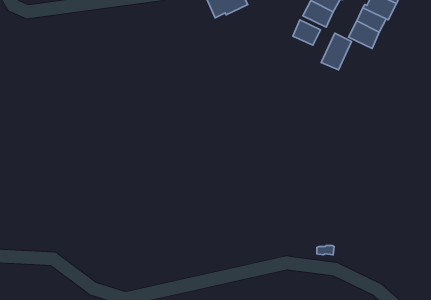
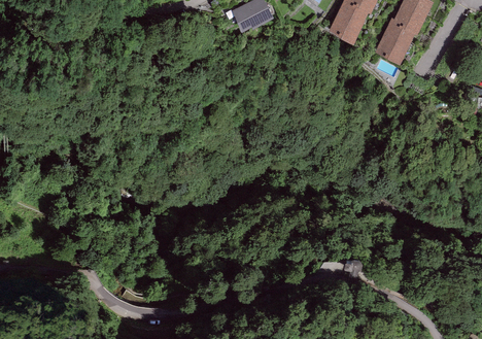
building: [293,20,321,45] -> none
building: [321,33,351,70] -> none

